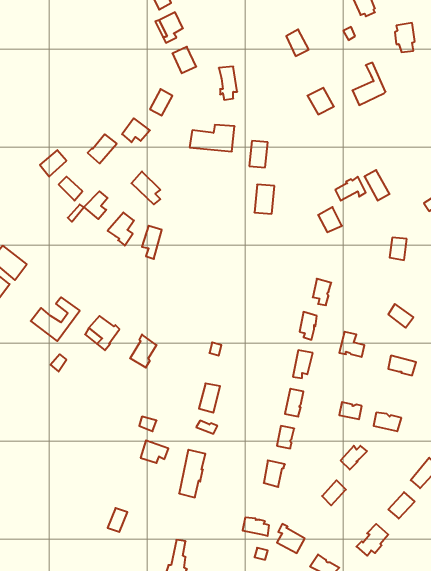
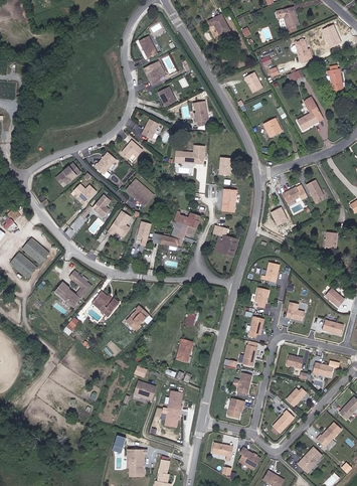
building: none -> [152,209,199,247]
building: none -> [213,226,239,254]
building: none -> [127,449,146,475]

